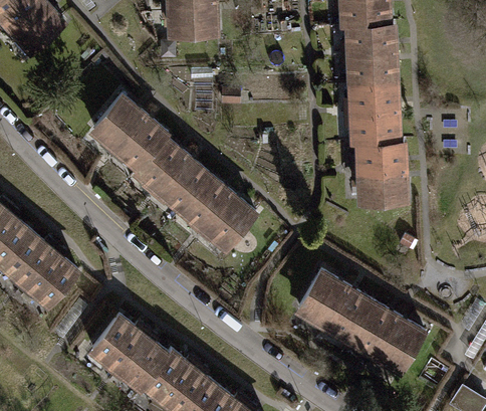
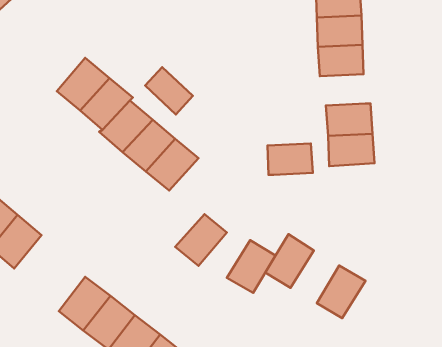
building: none -> [145,67,193,114]
building: [352,112,398,143] -> [267,144,313,175]
building: [203,195,254,246] -> [175,214,227,266]
building: [323,286,372,339] -> [227,240,276,293]
building: [375,317,423,370] -> none

